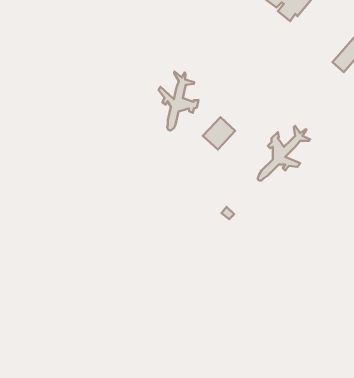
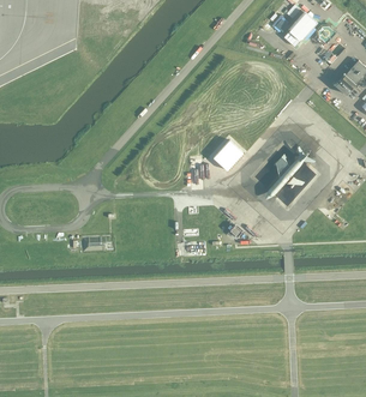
building: [159,72,199,131] -> none

